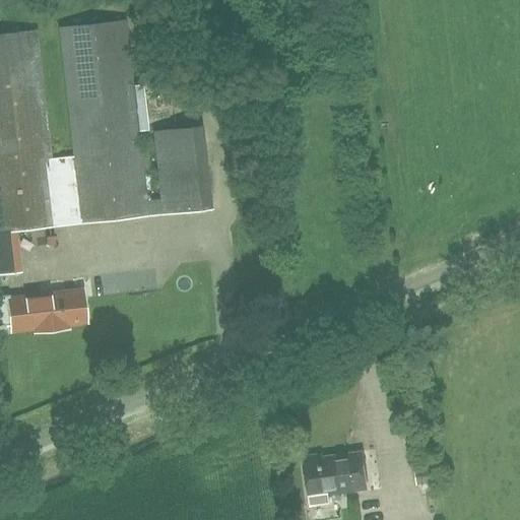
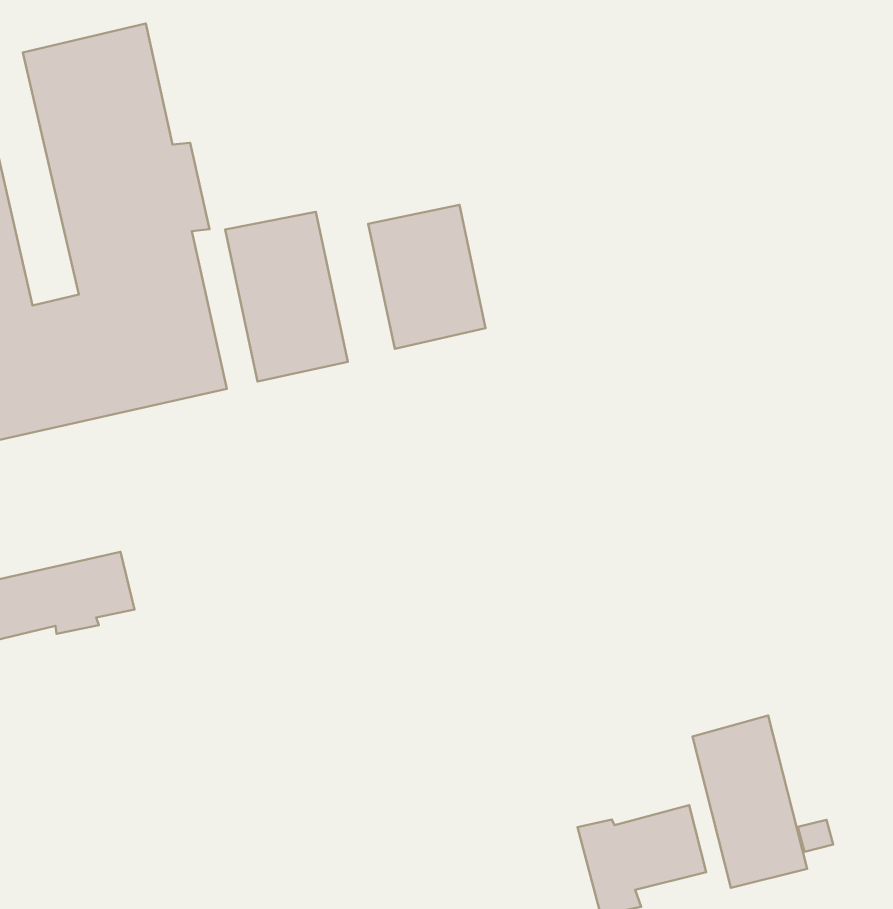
building: none -> [368,205,486,349]
building: none -> [692,716,807,888]

